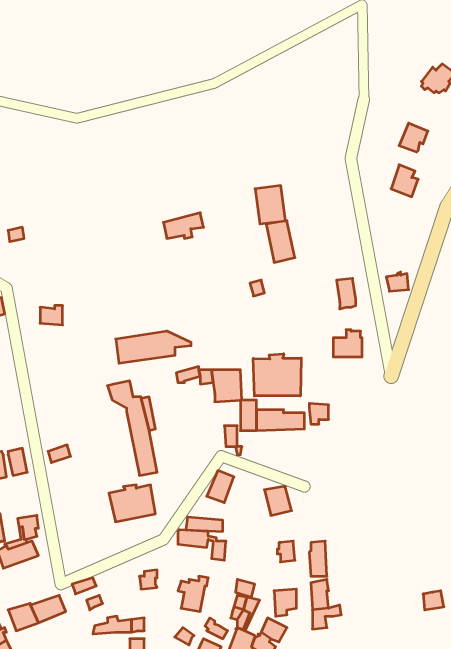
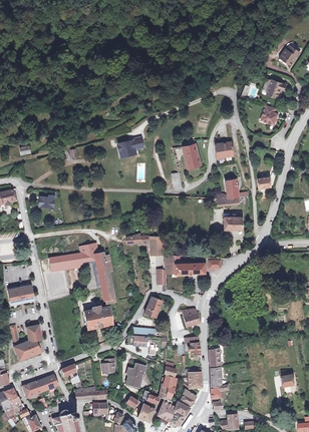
building: [255,186,286,224] -> [215,140,234,164]
building: [116,331,191,363] -> [47,253,94,273]
building: [253,354,301,396] -> none

